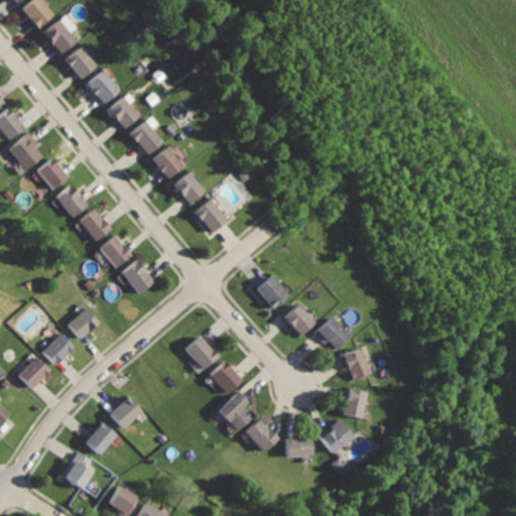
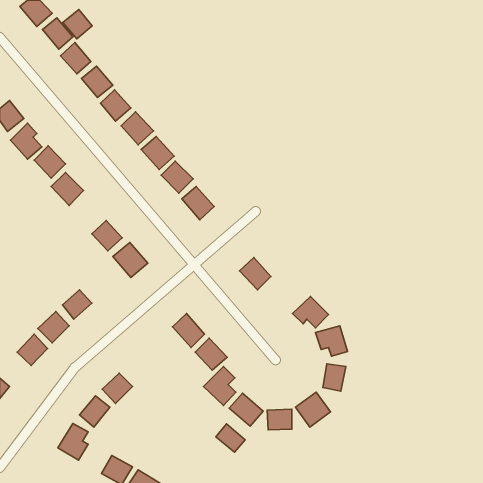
building: none -> [63,10,92,39]
building: [78,209,112,243] -> none
building: [283,304,313,336] -> none
building: none -> [216,424,245,452]

